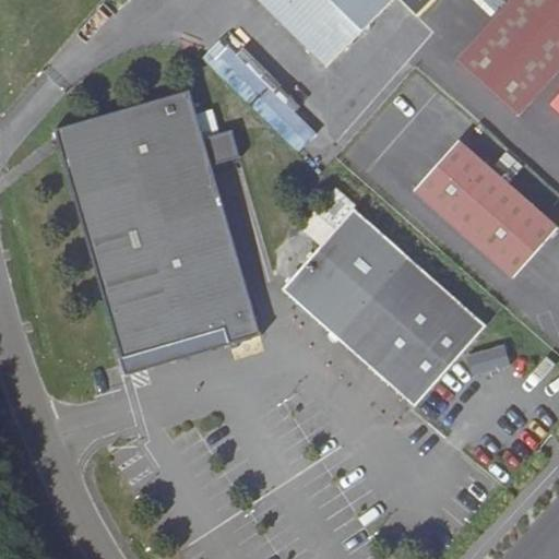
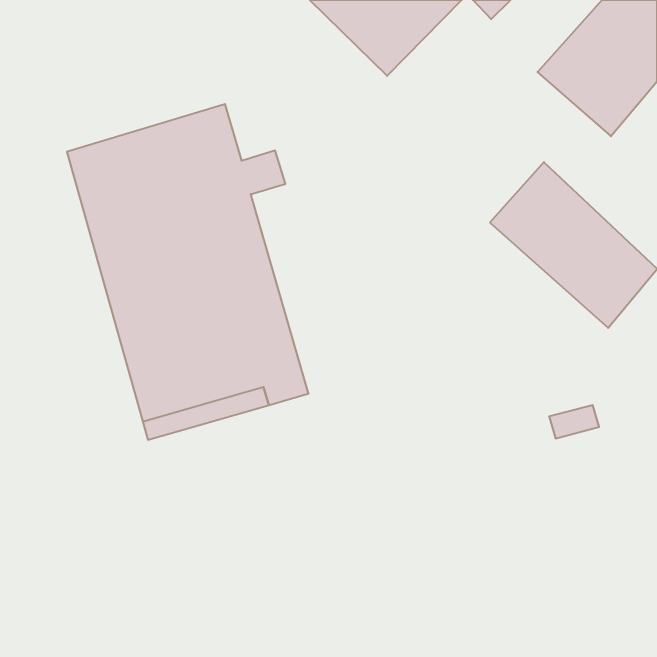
building: [204,33,316,146] -> none
building: [283,210,485,405] -> none

